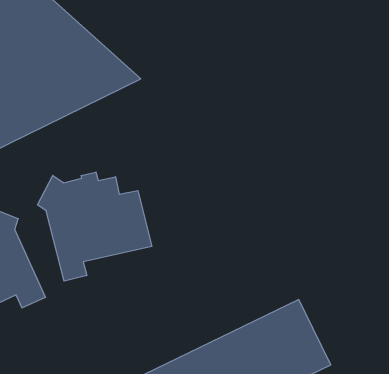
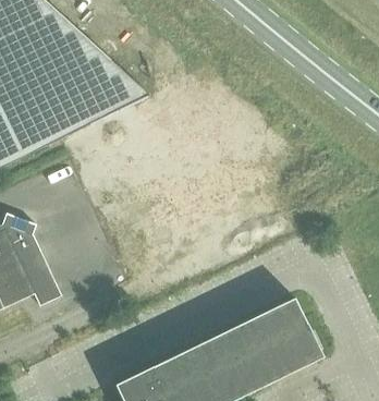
building: [38,172,152,281] -> none

